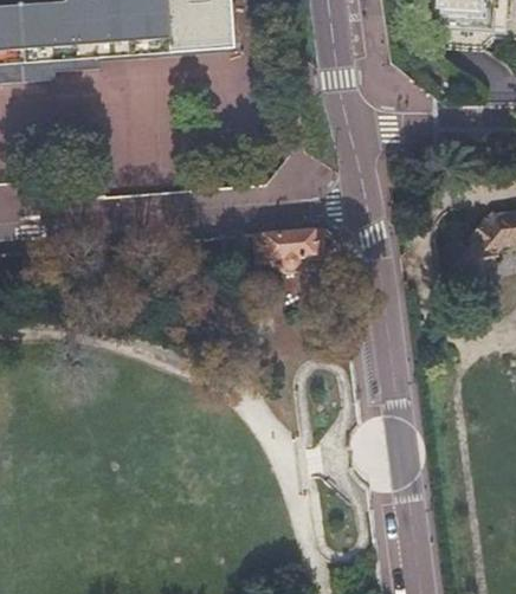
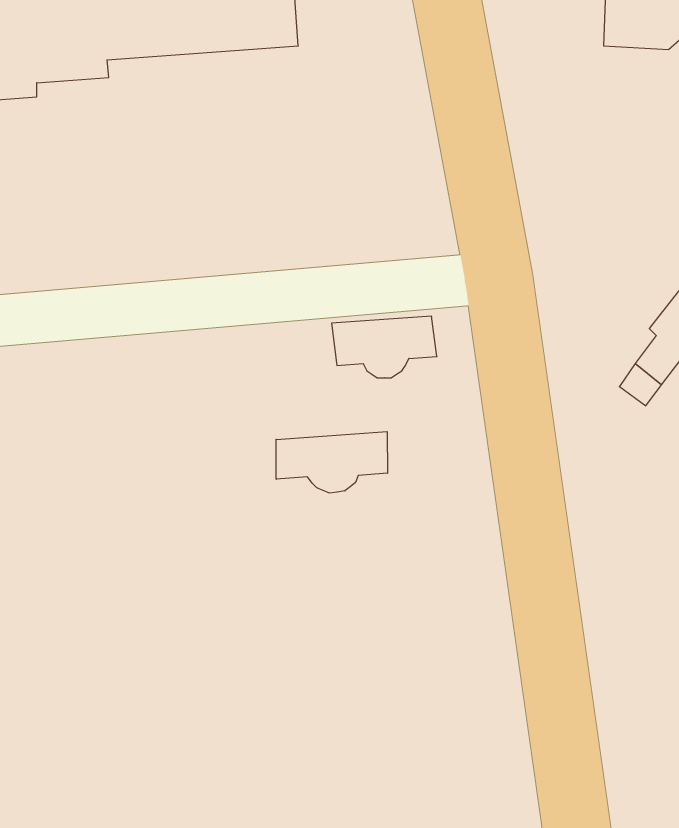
building: none -> [276,432,387,493]

